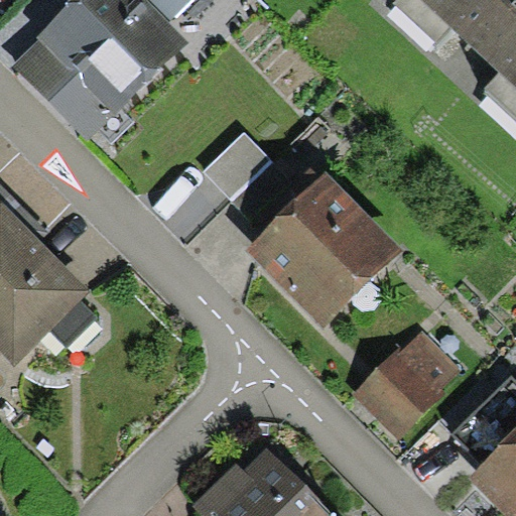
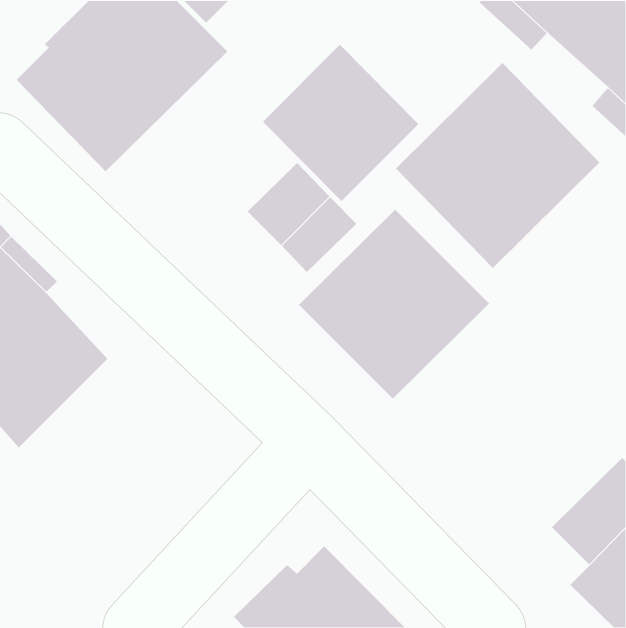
building: none -> [262,44,419,202]
building: none -> [395,62,600,269]
building: [351,328,466,442] -> none

